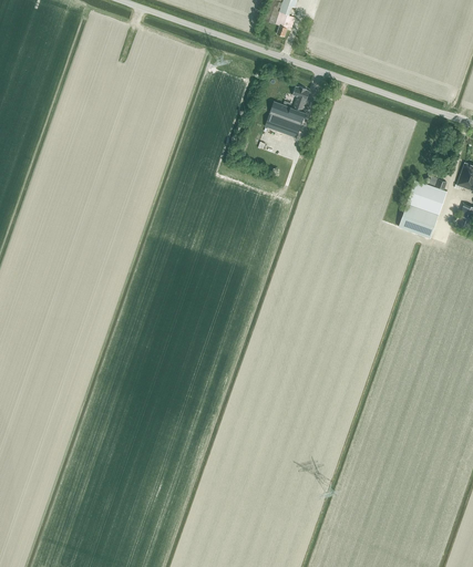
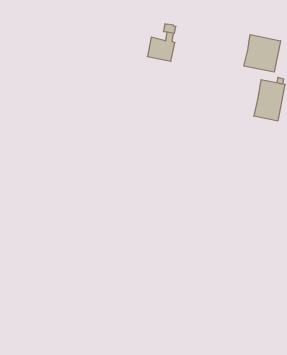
building: none -> [244,35,281,72]

